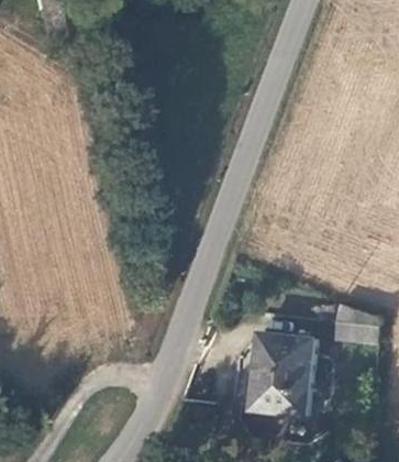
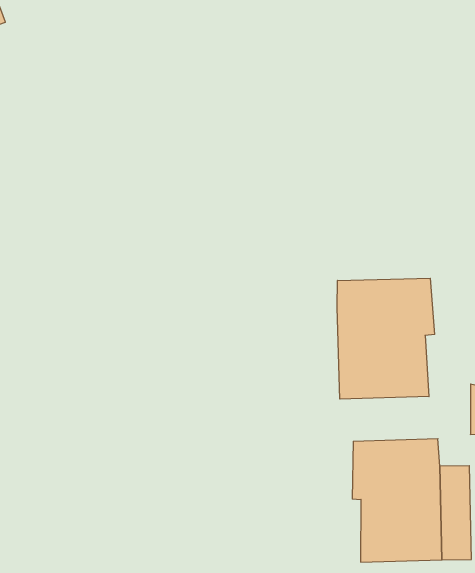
building: none -> [337,278,435,399]

